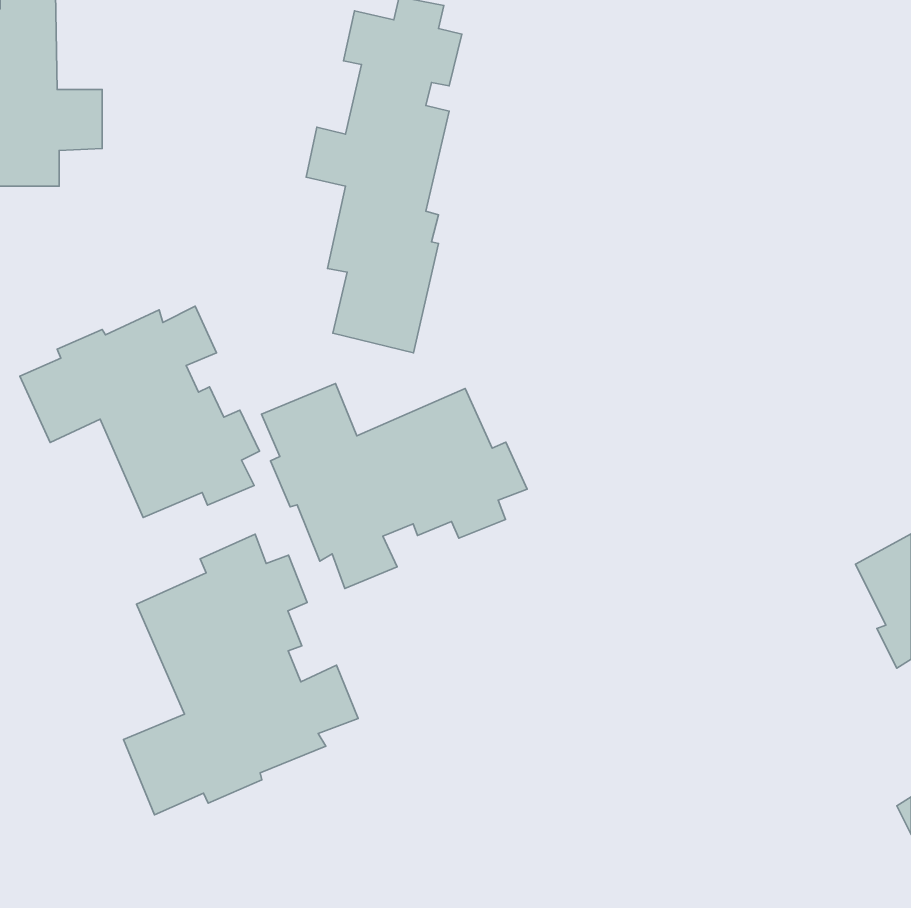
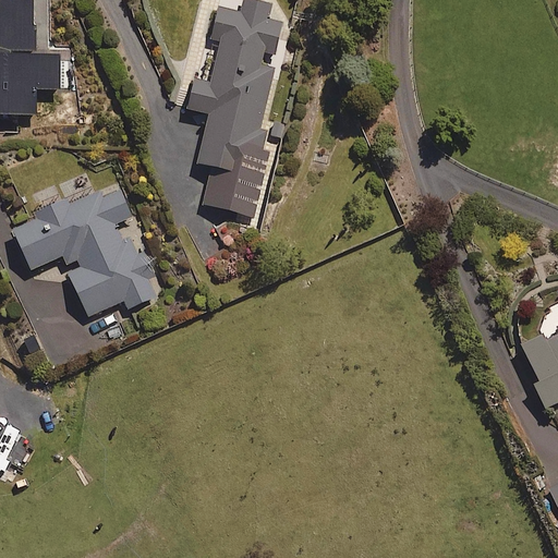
building: [262,384,527,588] -> none
building: [123,534,358,815] -> none

